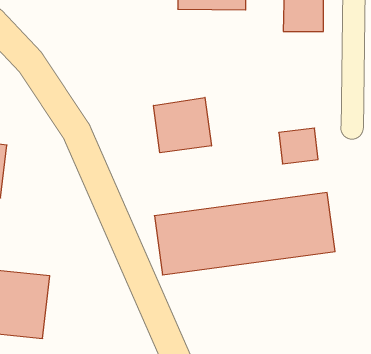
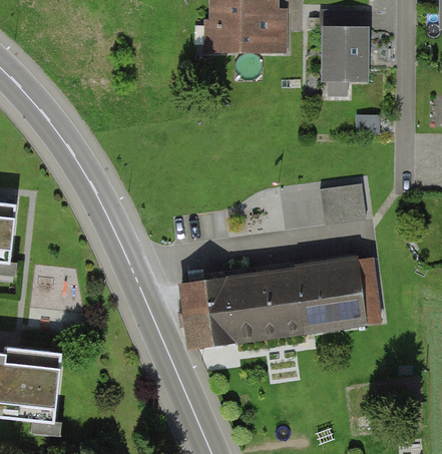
building: [154,97,211,153] -> none

